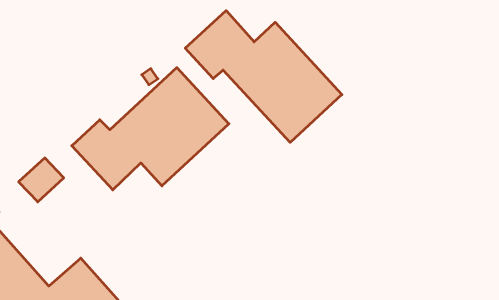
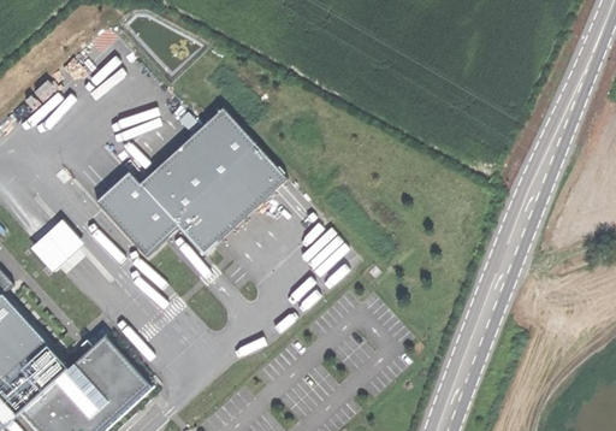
building: [185,11,342,142] -> none

